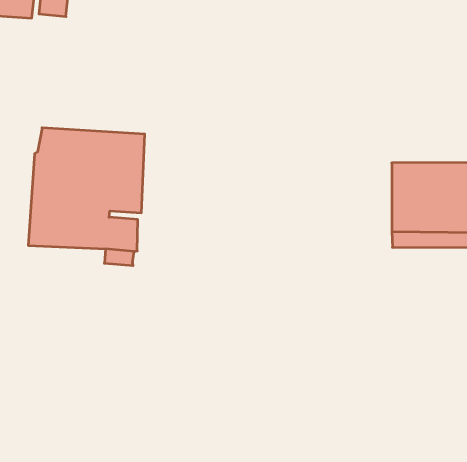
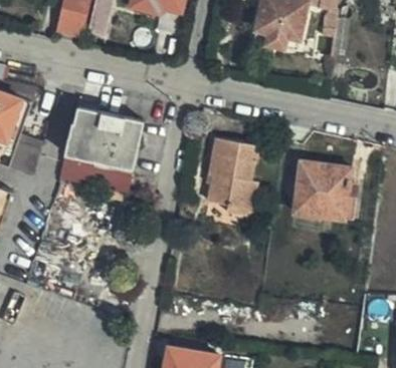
building: none -> [206,137,257,217]

